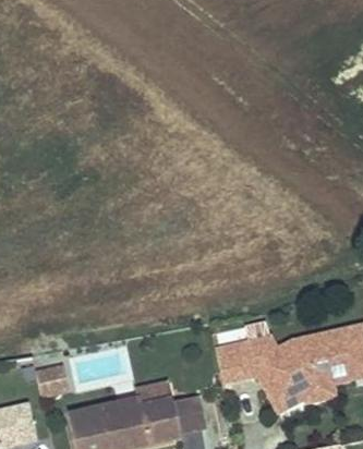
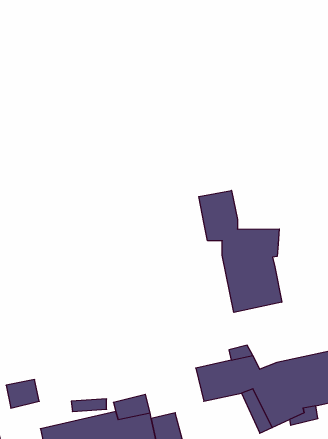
building: none -> [199,190,282,312]

